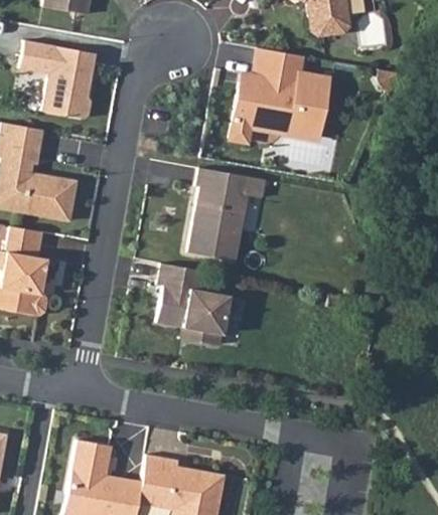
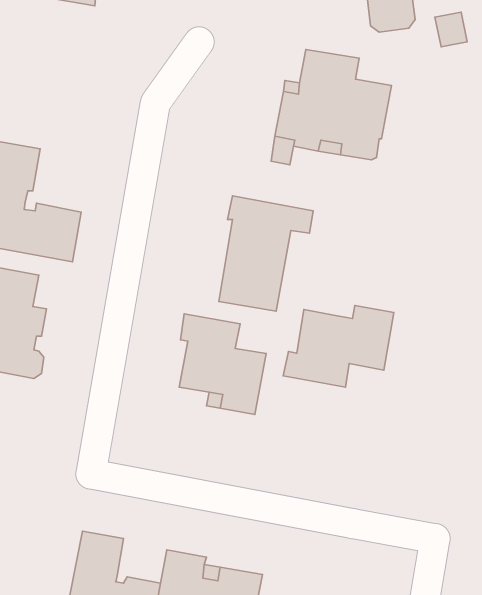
building: [20,41,96,119] -> none
building: none -> [283,306,394,387]

